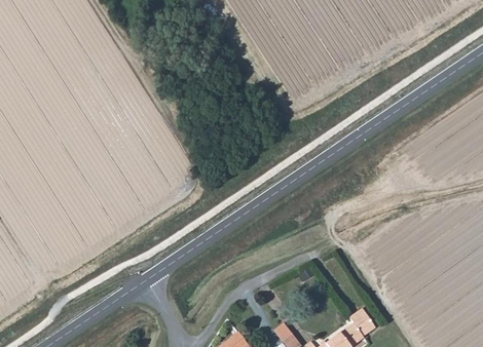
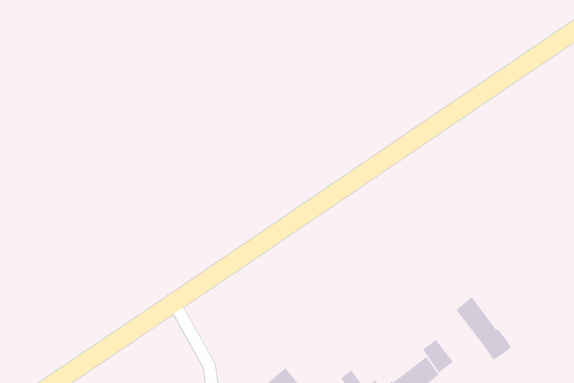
building: none -> [456,297,512,361]

